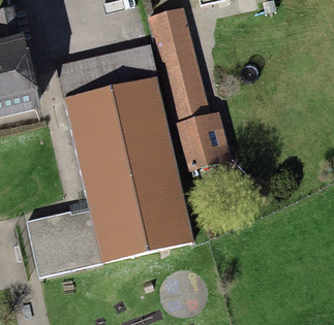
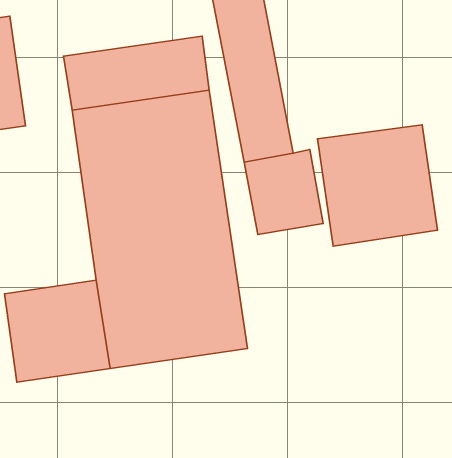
building: none -> [317,125,437,246]

